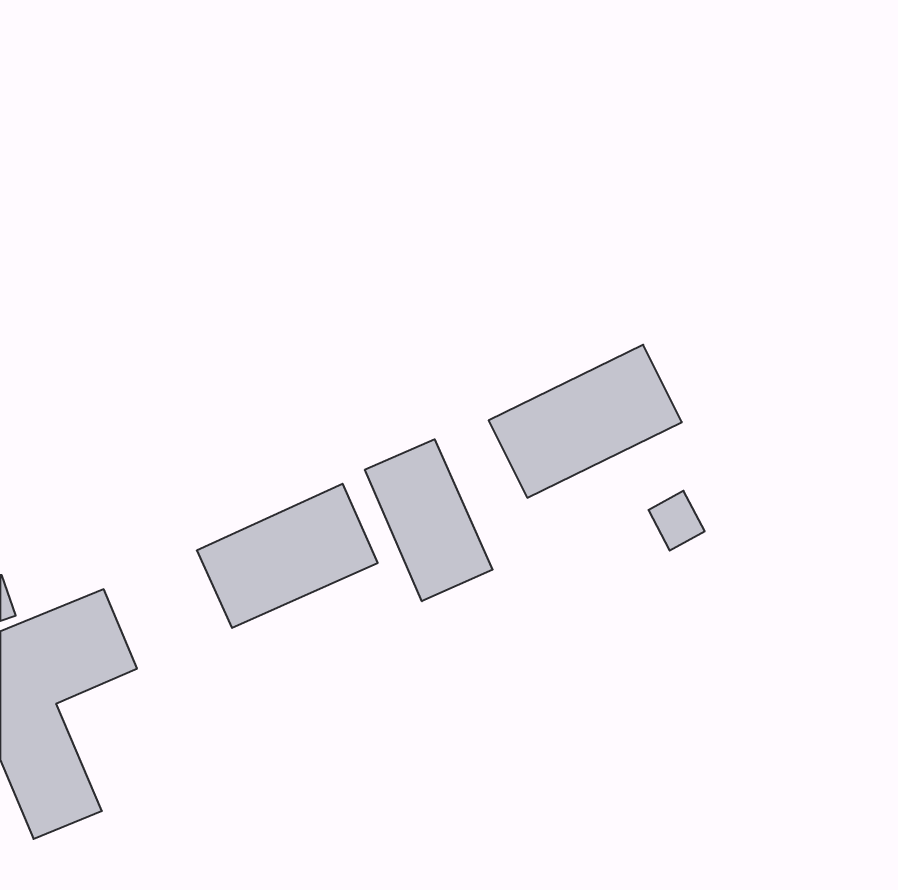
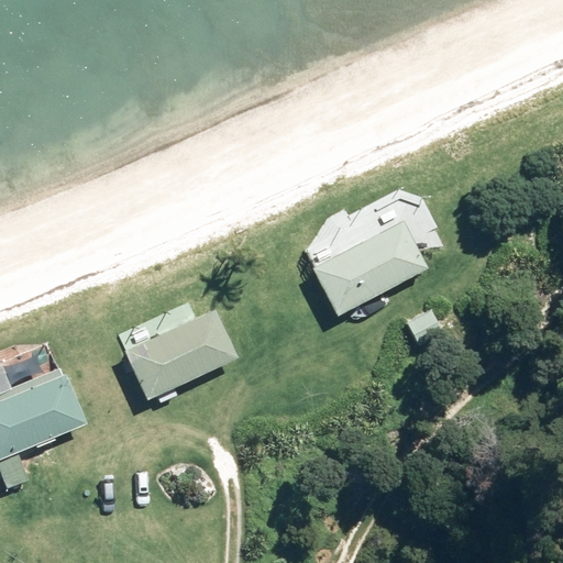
building: [365,439,493,601] -> none

